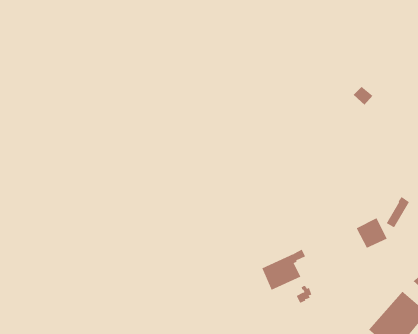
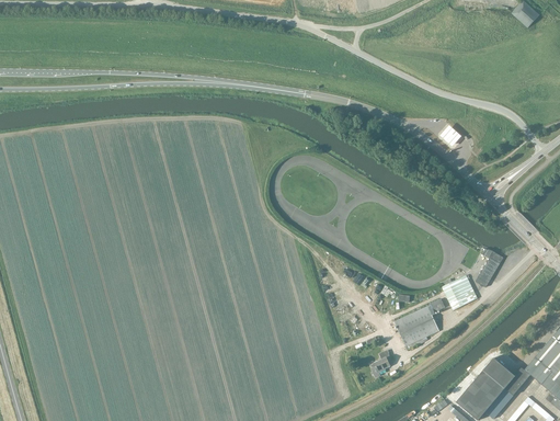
building: [262,249,306,290] -> [395,299,445,346]

